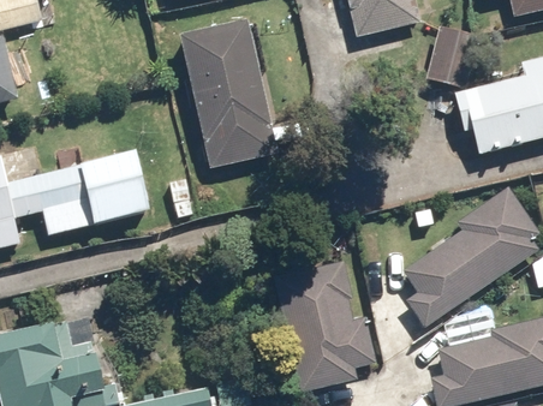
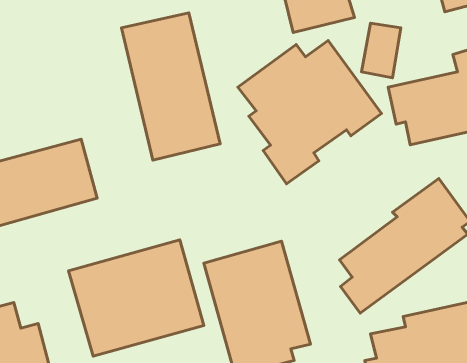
building: none -> [238,41,382,184]
building: none -> [68,240,204,356]

